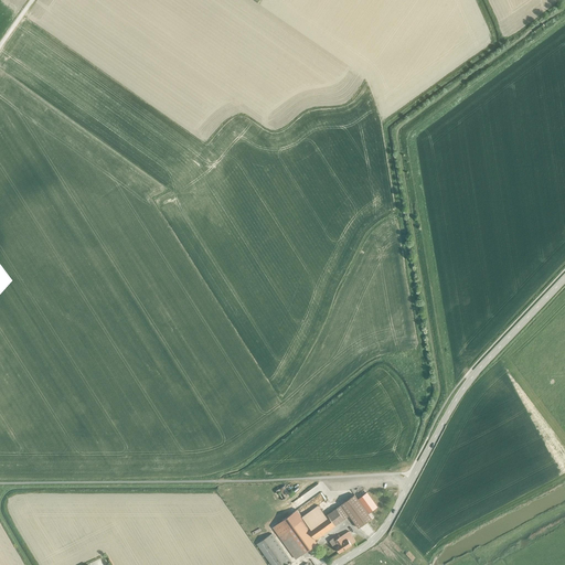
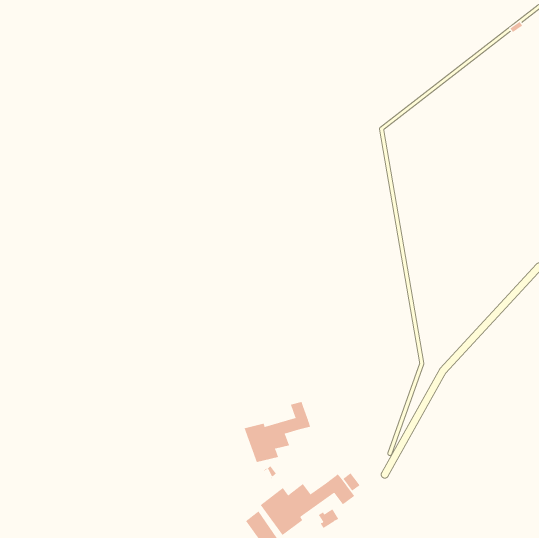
building: none -> [244,401,311,463]

